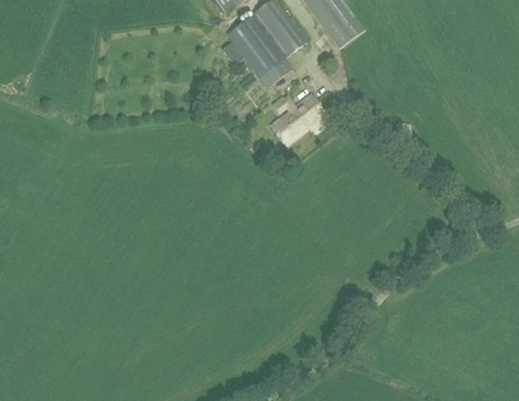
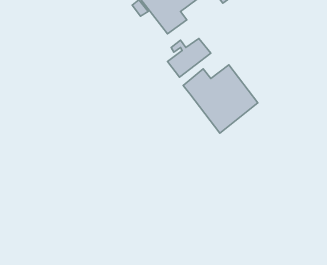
building: none -> [183,65,258,133]

